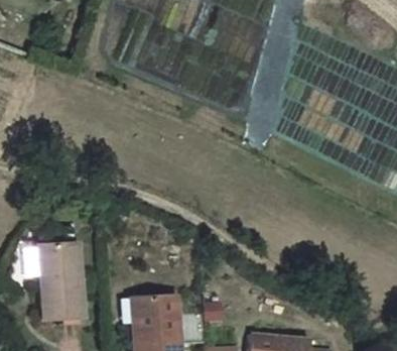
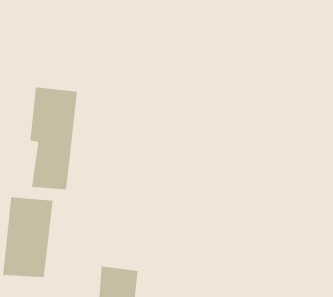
building: none -> [29,87,78,190]

